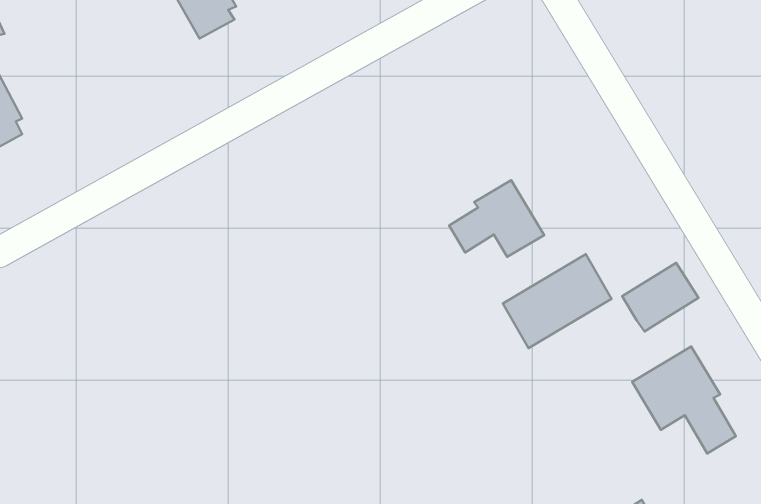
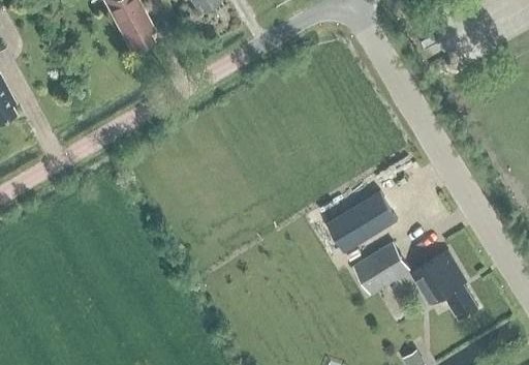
building: [449,180,544,257] -> none
building: [622,263,699,331] -> [359,244,408,288]

